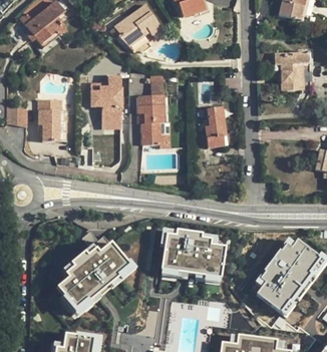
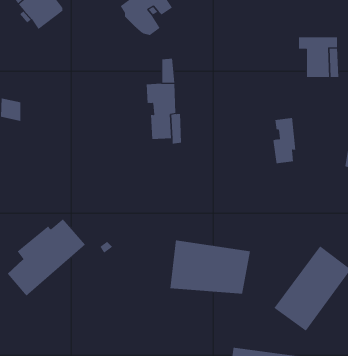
building: [93,82,125,120] -> none
building: [40,98,66,140] -> none
building: [206,105,227,146] -> [272,117,296,164]
building: [58,248,128,317] -> [7,219,86,297]

